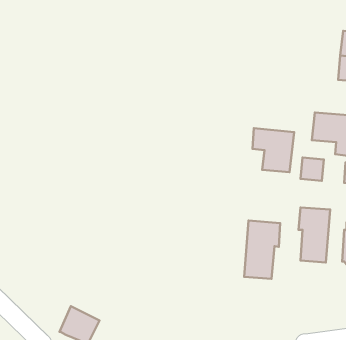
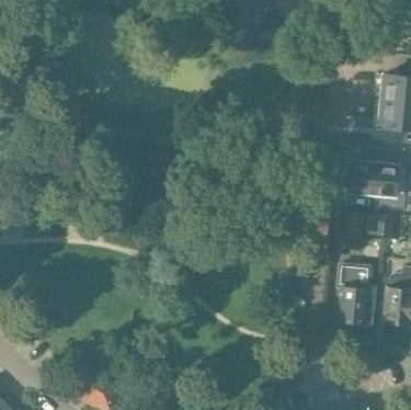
building: [252,128,294,172] -> none
building: [244,220,280,279] -> none

